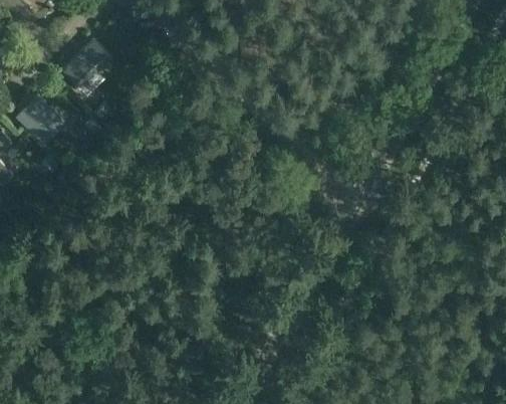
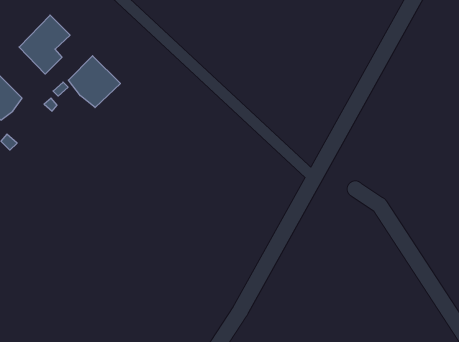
building: none -> [68,56,120,108]

